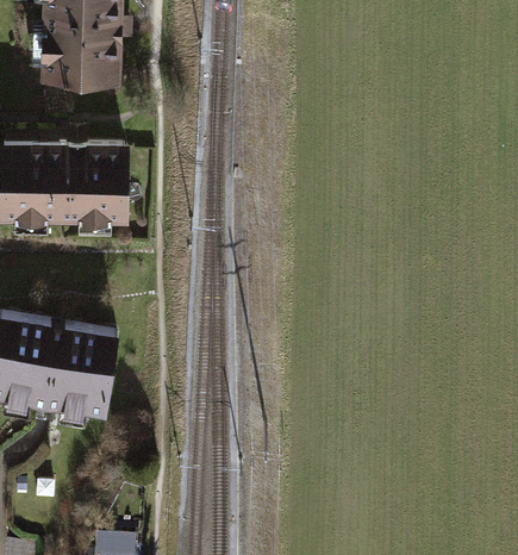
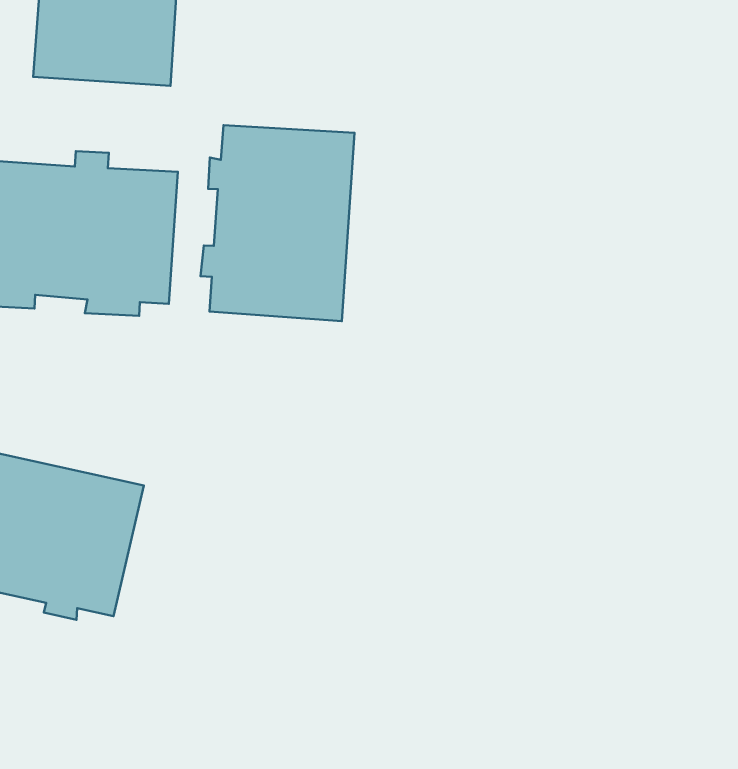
building: none -> [200,125,355,321]

